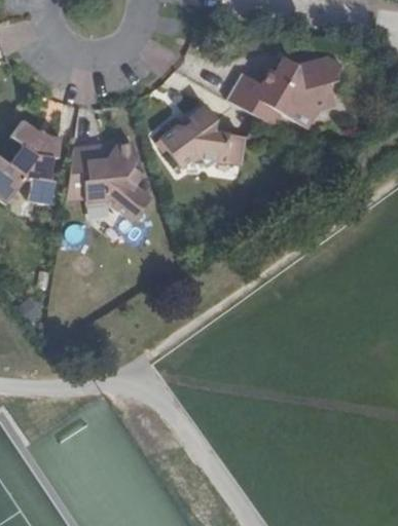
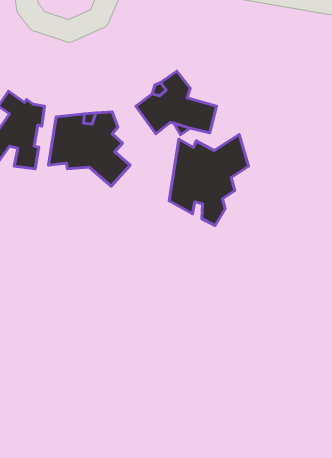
building: [227,55,336,125] -> none
building: none -> [169,134,248,225]

